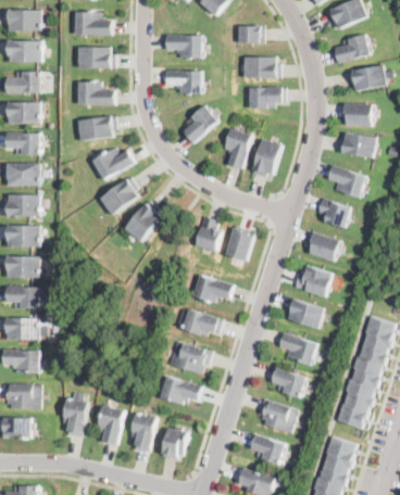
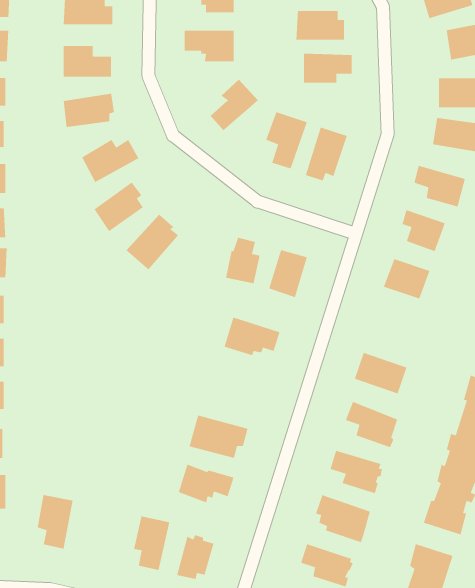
building: [293,265,333,296] -> none
building: [182,309,223,337] -> none
building: [96,406,123,445] -> none

